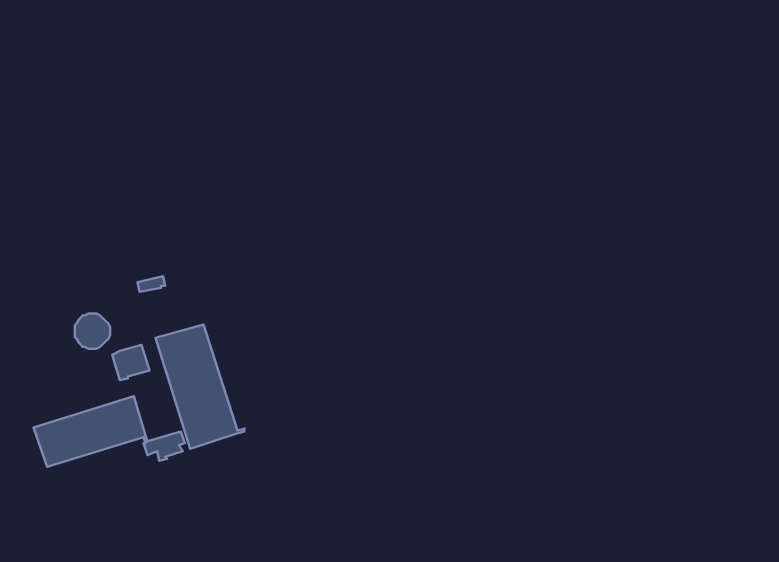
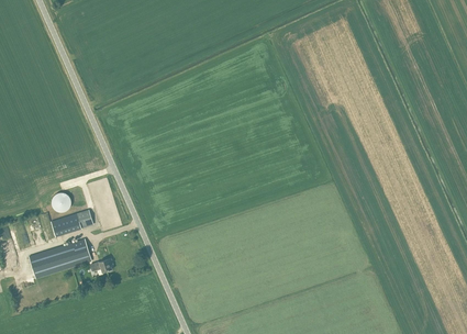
building: [155,324,245,449] -> none

